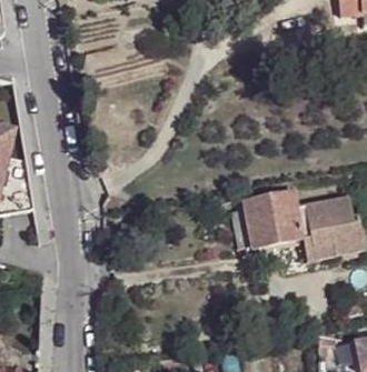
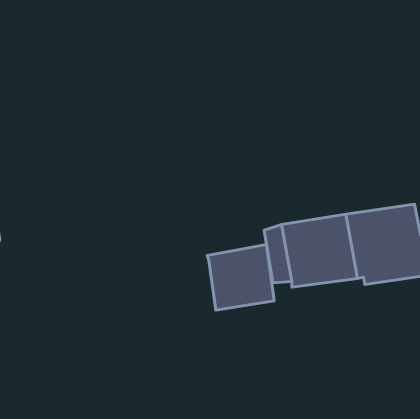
building: none -> [207,245,274,310]

